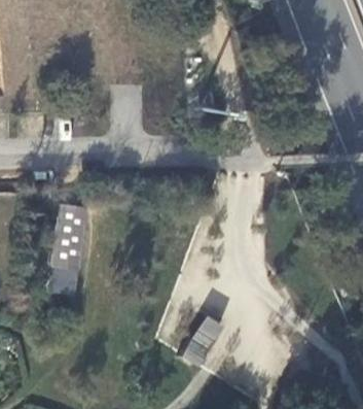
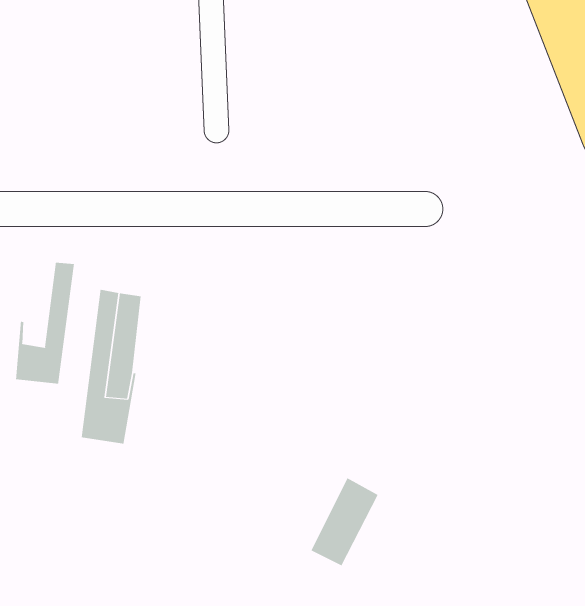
building: none -> [16,262,75,384]

